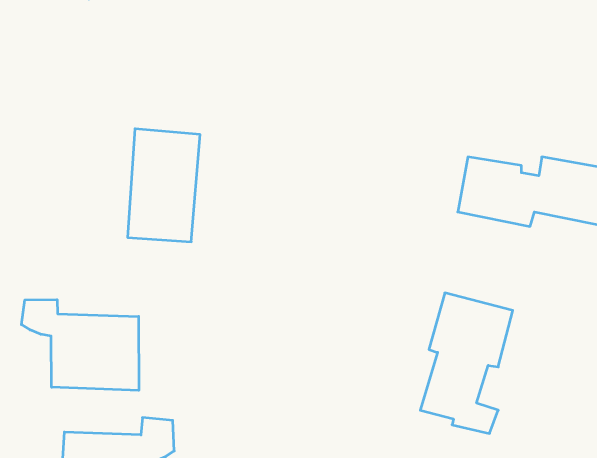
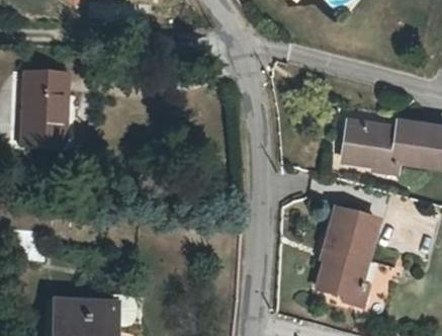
building: [128,129,200,242] -> [24,75,75,154]
building: [21,300,139,390] -> none

